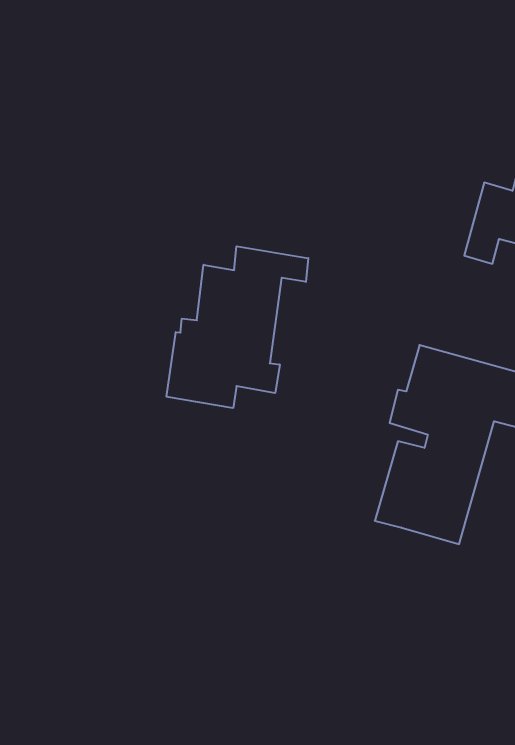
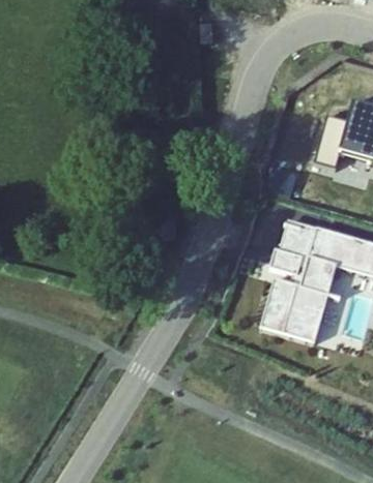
building: [167,246,308,408] -> none

